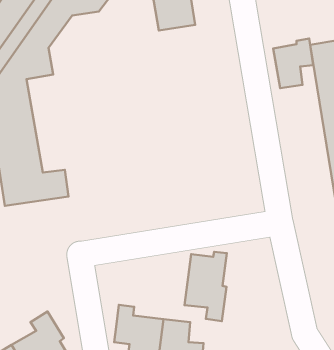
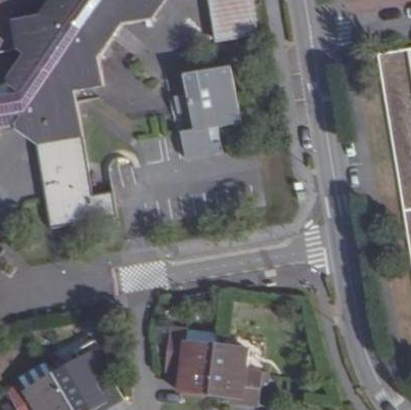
building: [273,39,313,88] -> none
building: none -> [170,65,239,156]
building: [185,252,227,321] -> none

